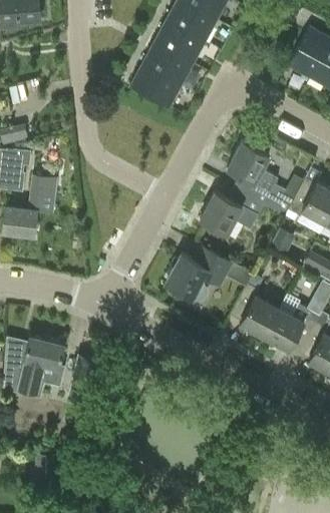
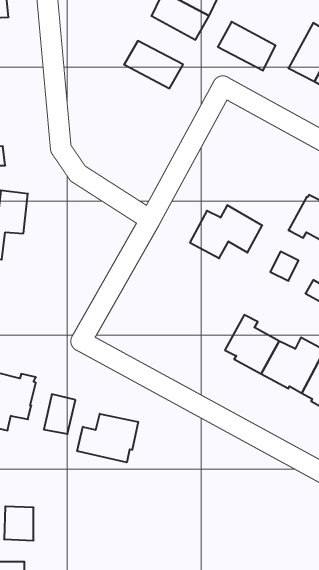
building: [153,21,205,64] -> [218,22,276,71]
building: [129,64,182,108] -> none
building: [227,142,303,217] -> none
building: [164,249,235,303] -> none
building: none -> [77,414,138,462]

